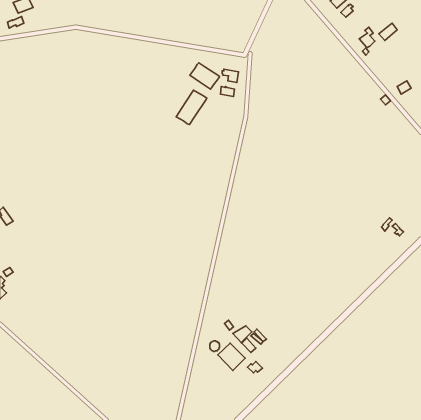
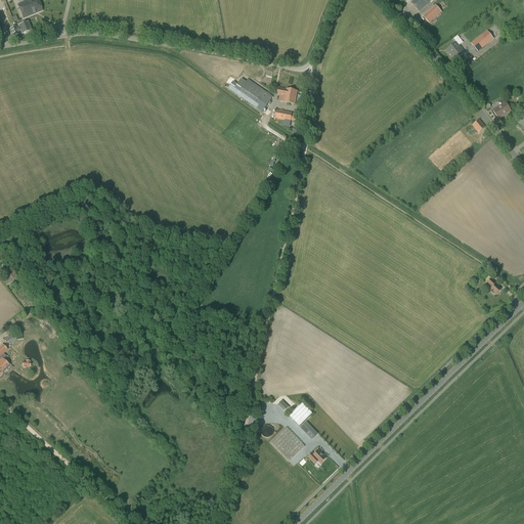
building: [176,90,207,125] -> none

